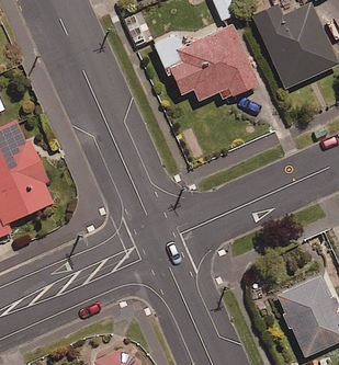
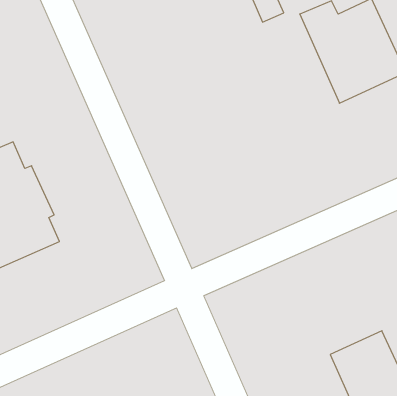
building: [169,23,260,100] -> none

